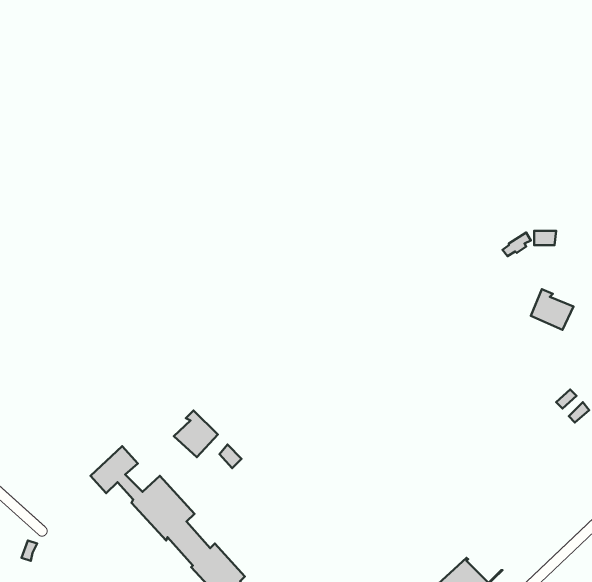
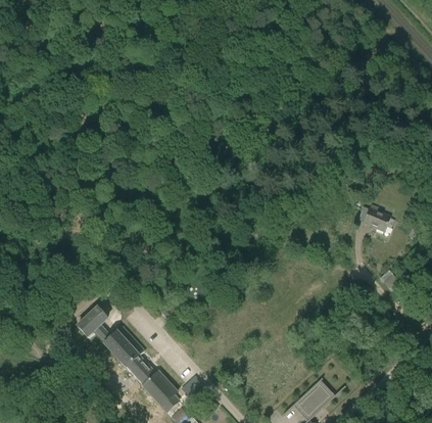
building: [174,411,218,457] -> none

